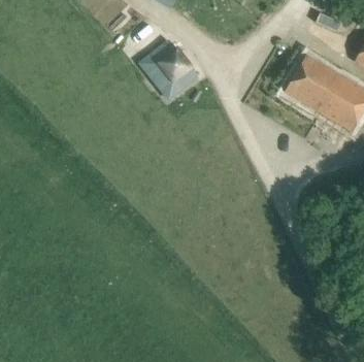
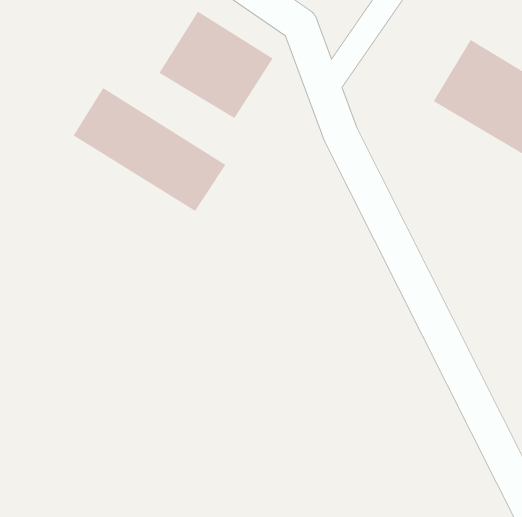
building: none -> [73,87,226,212]

